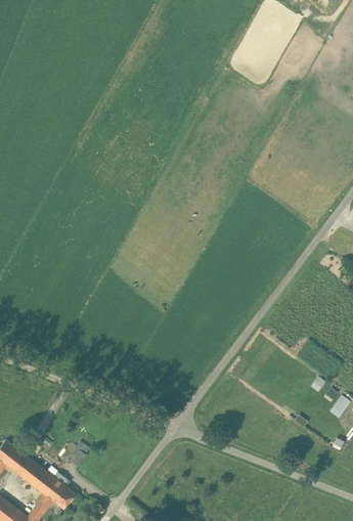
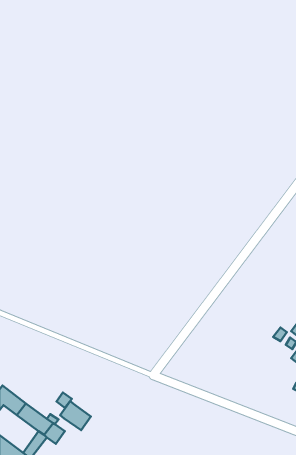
building: none -> [60,401,91,430]

